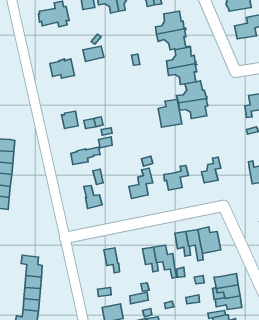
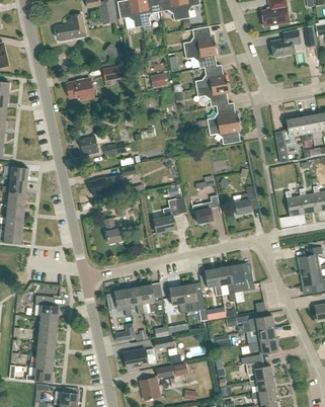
building: [158,99,182,127] -> none
building: none -> [139,284,164,315]
building: none -> [106,289,132,316]

